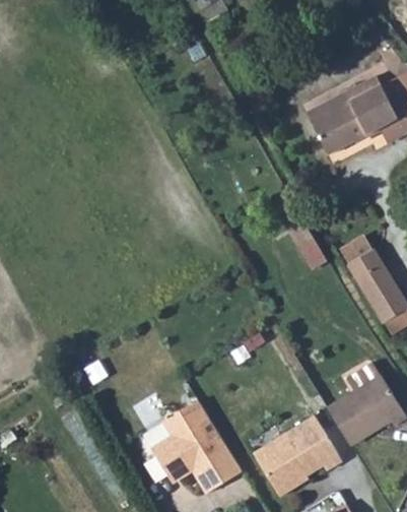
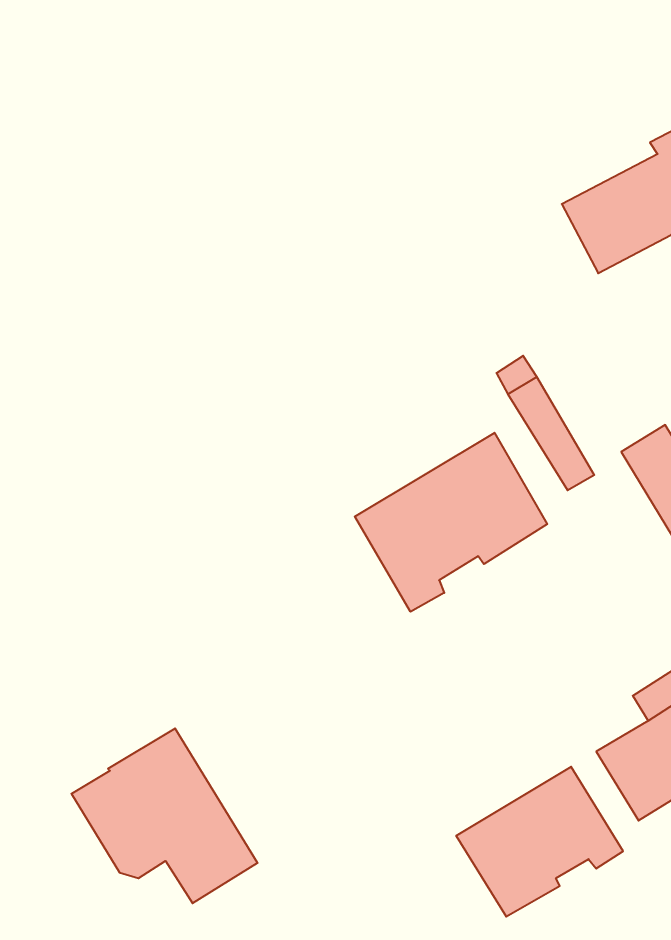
building: none -> [355,433,547,612]
building: [143,400,242,493] -> [71,728,258,903]

